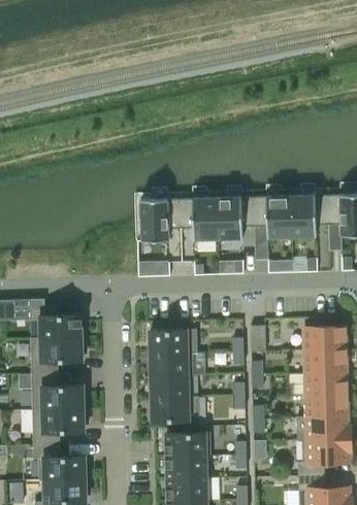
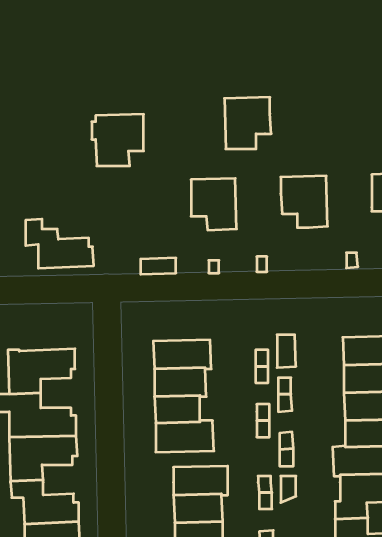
building: [291,195,328,237] -> none
building: [217,197,255,239] -> [224,97,271,149]
building: [138,199,181,241] -> [92,114,144,166]
building: [30,299,86,339] -> [26,219,94,268]

